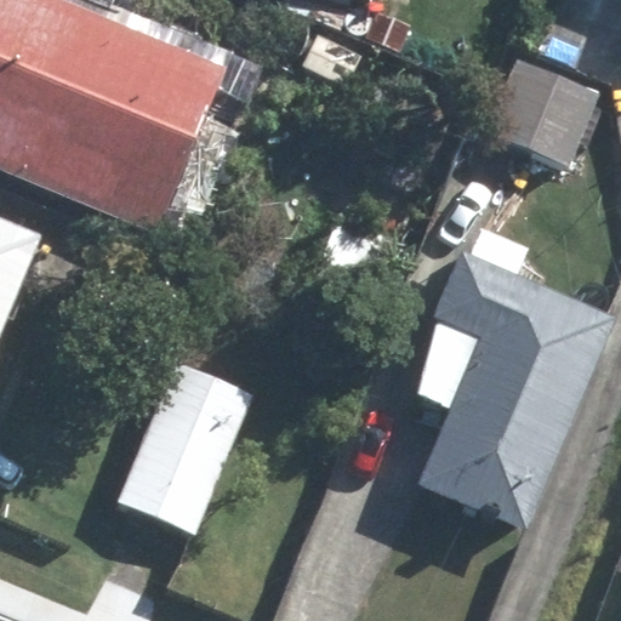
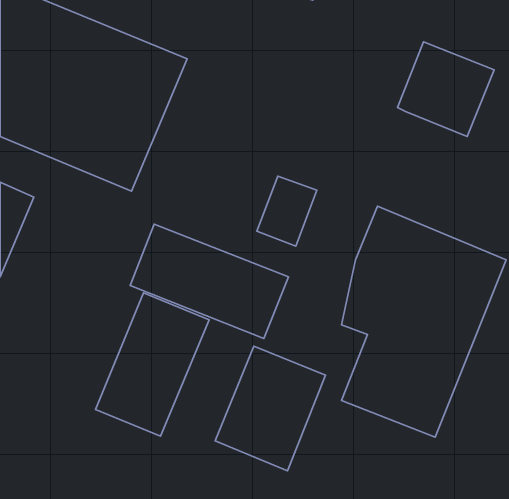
building: none -> [130,224,288,339]
building: none -> [215,346,326,471]

